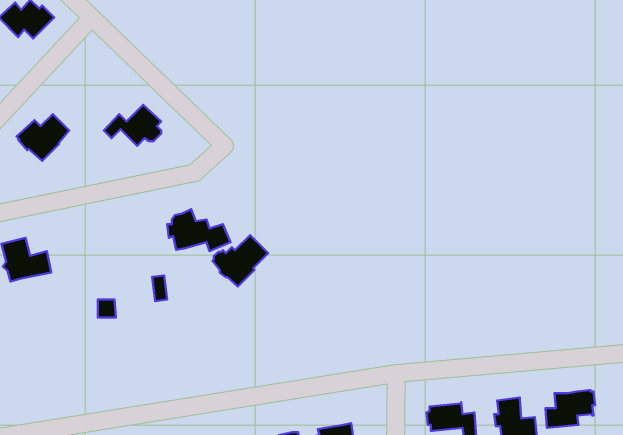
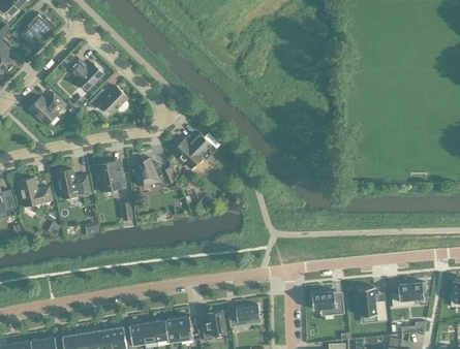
building: none -> [68,59,103,91]
building: none -> [96,161,125,192]
building: none -> [57,169,91,198]
building: [212,235,268,286] -> [174,133,212,168]

